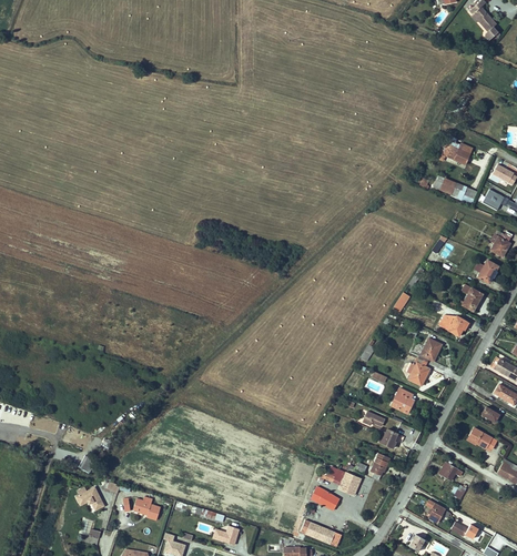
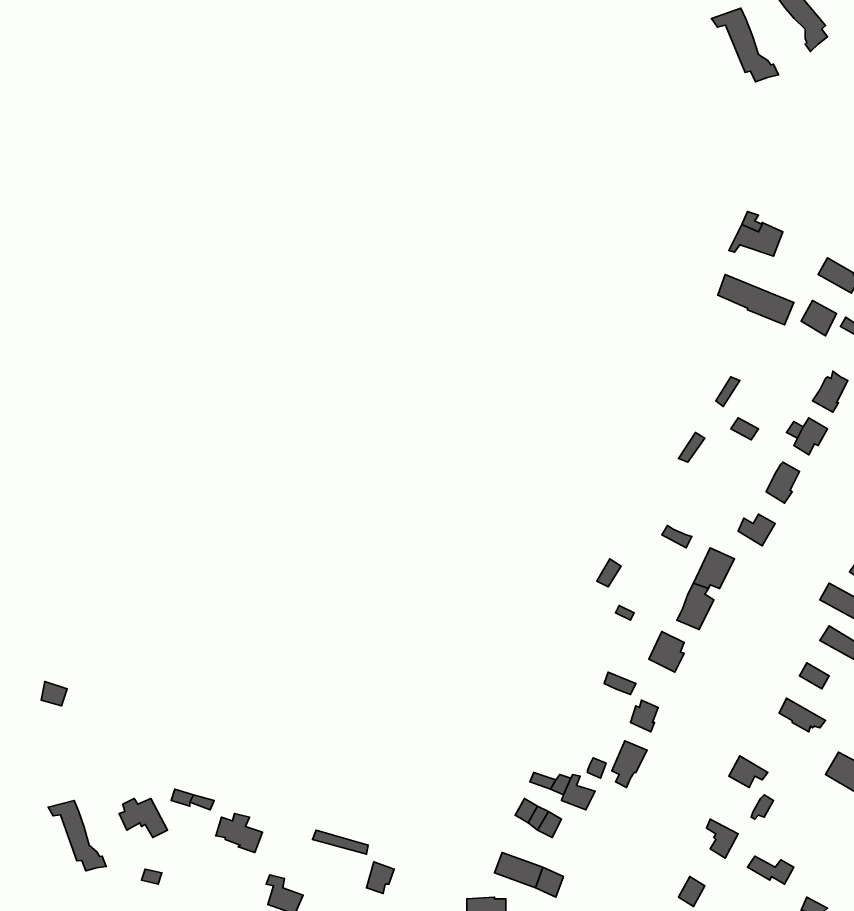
building: none -> [712,8,778,82]
building: none -> [48,801,106,871]

